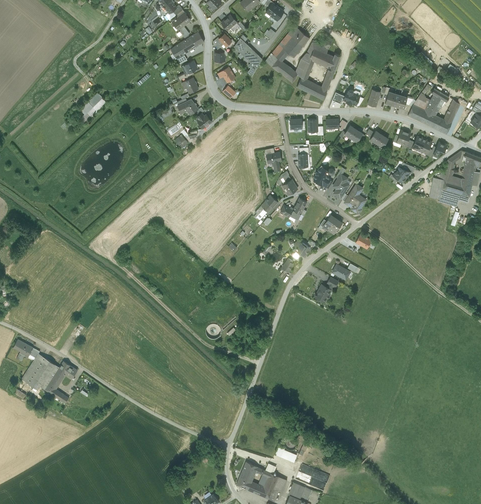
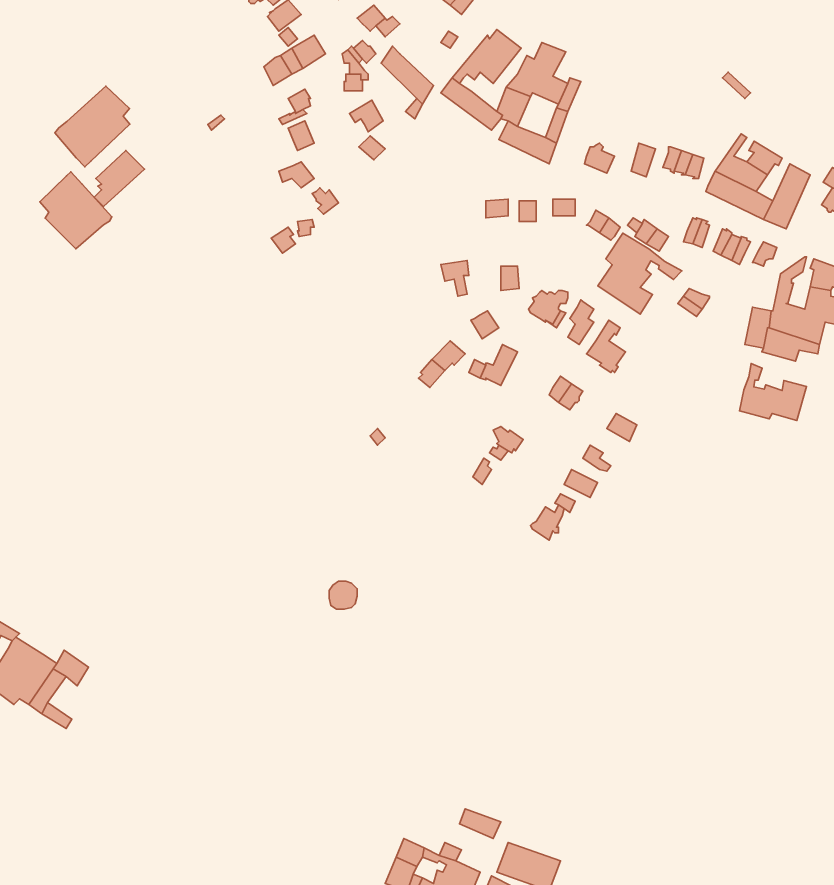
building: none -> [55,86,130,167]
building: none -> [40,172,112,249]
building: none -> [598,233,682,314]
building: none -> [739,364,806,421]

